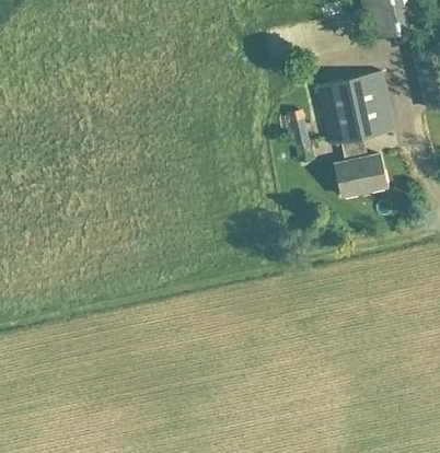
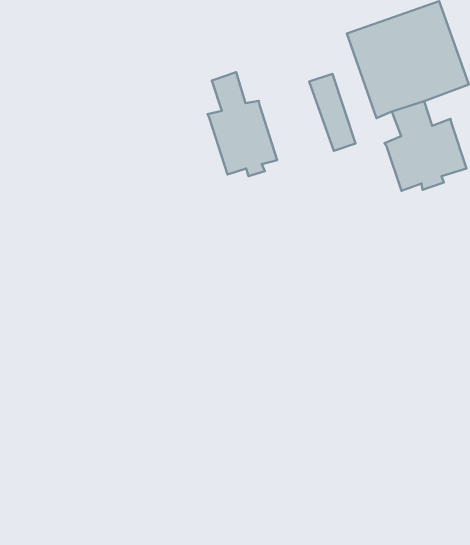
building: none -> [207,72,277,176]

